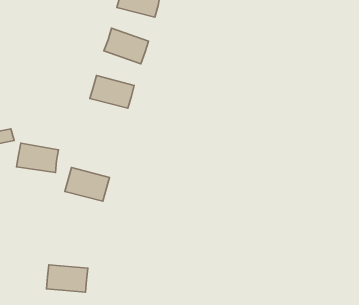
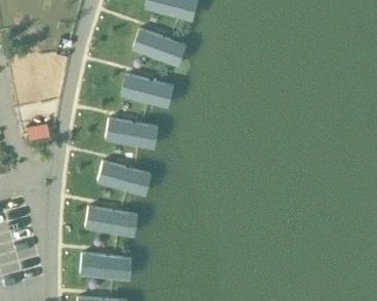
building: [16,143,59,172] -> [106,118,145,145]
building: none -> [86,207,127,234]

